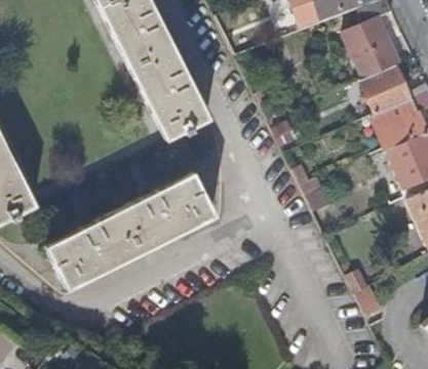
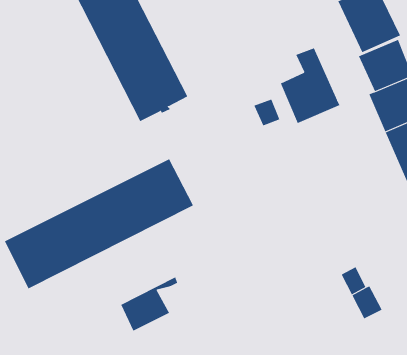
building: none -> [280,47,340,124]
building: none -> [121,276,178,331]

